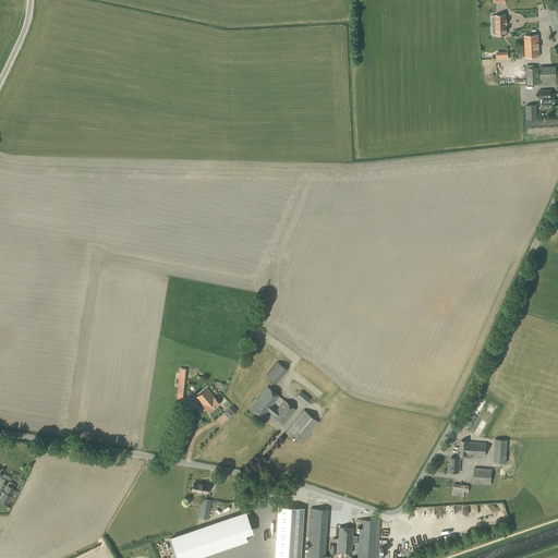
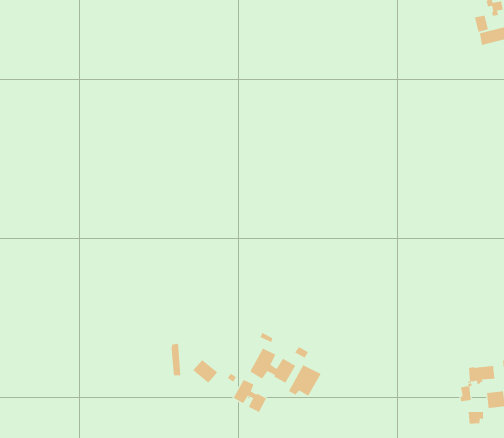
building: none -> [233,379,267,413]

